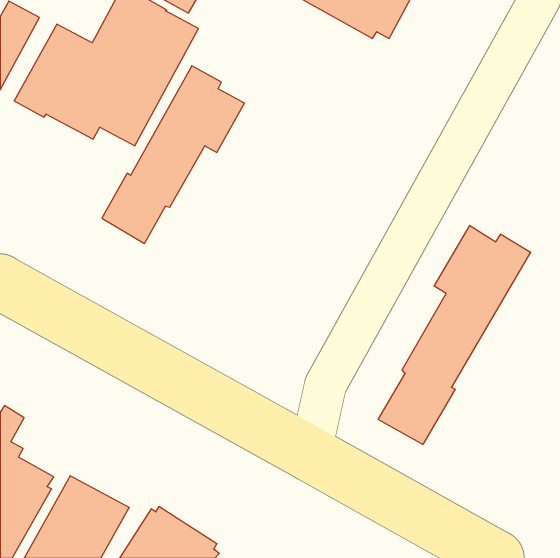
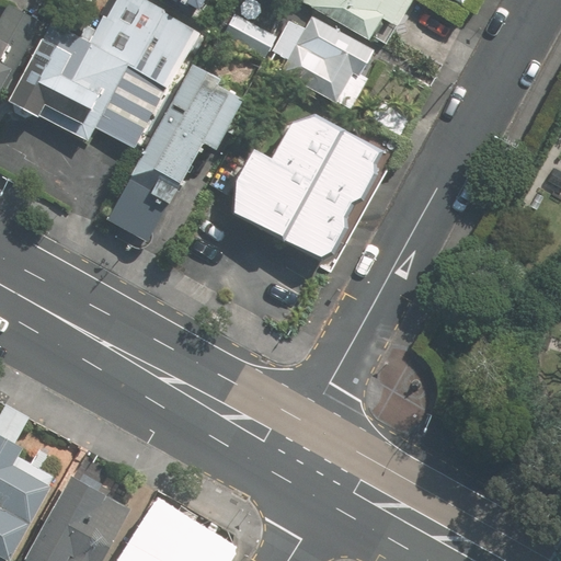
building: none -> [267,14,377,107]
building: none -> [230,117,379,260]
building: [378,225,531,444] -> none

